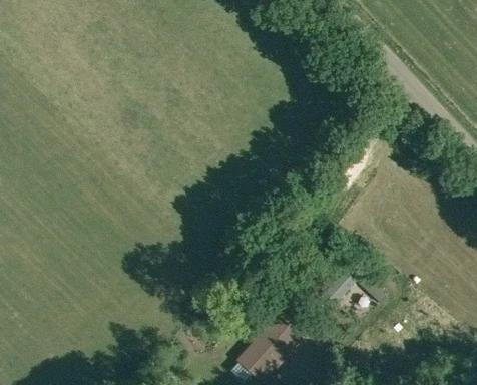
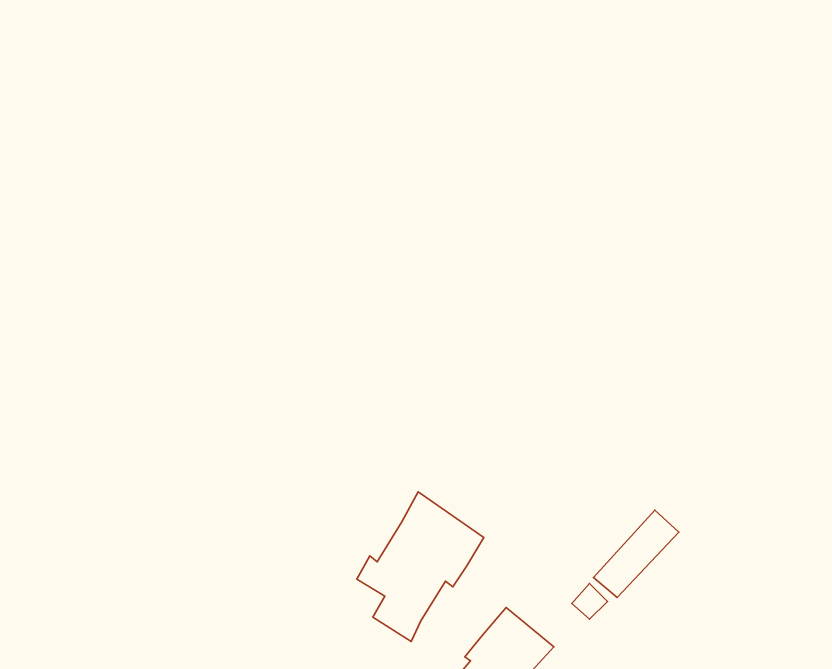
building: none -> [357,492,484,642]

